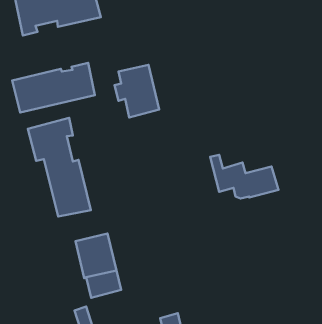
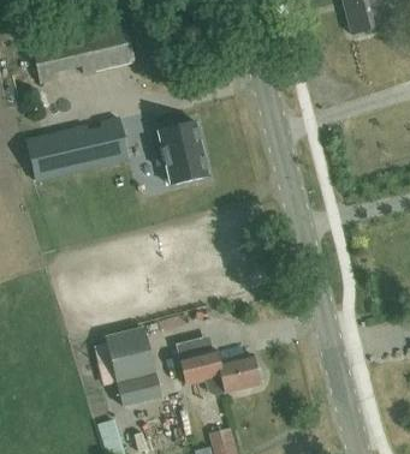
building: [28,118,91,217] -> none
building: [210,155,278,199] -> [176,340,260,394]

